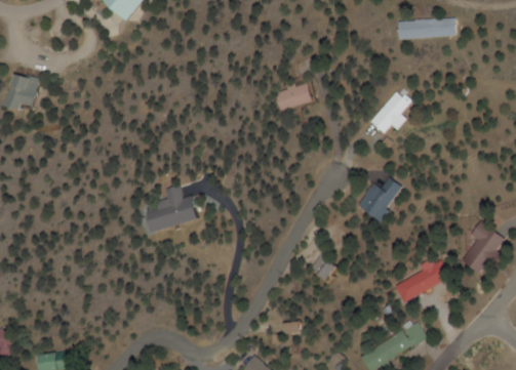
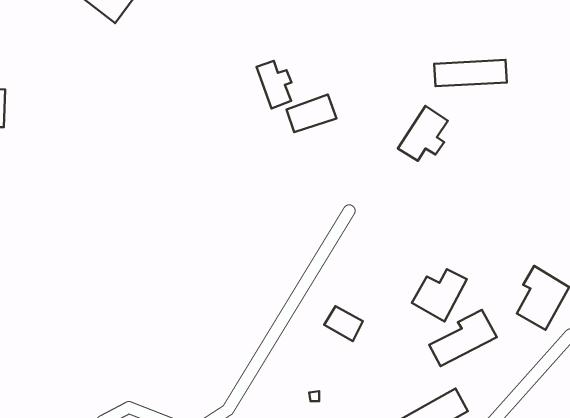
building: [395,17,454,39] -> [434,60,507,86]
building: none -> [256,61,291,108]
building: [357,177,402,220] -> [412,269,467,322]
building: [151,184,204,233] -> none

